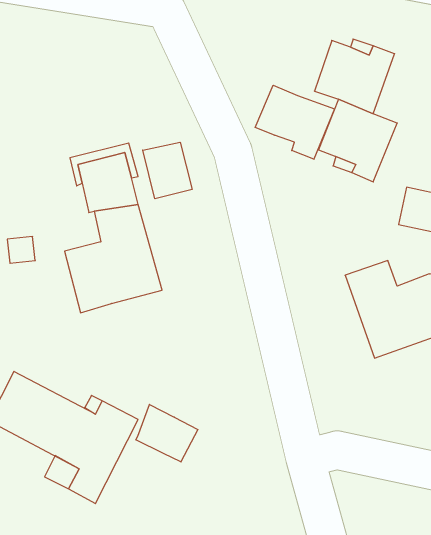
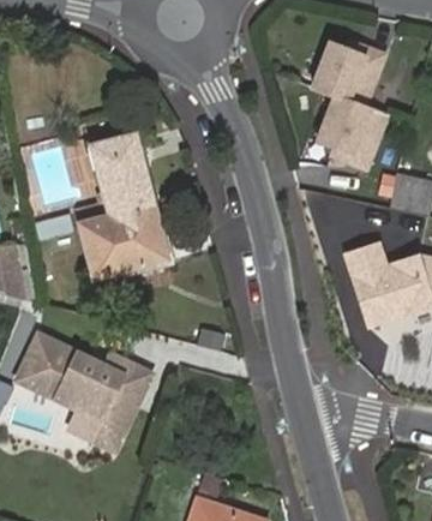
building: [255,85,335,159] -> none
building: [143,142,192,199] -> none
building: [136,404,198,462] -> none

